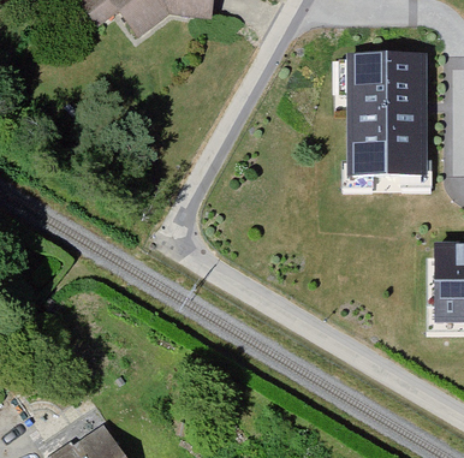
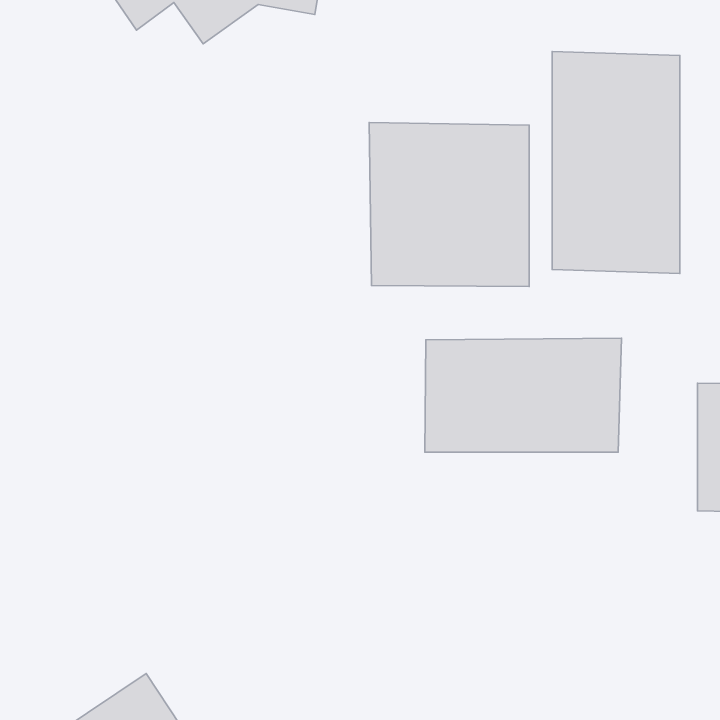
building: none -> [369,122,529,287]
building: none -> [425,338,621,452]

